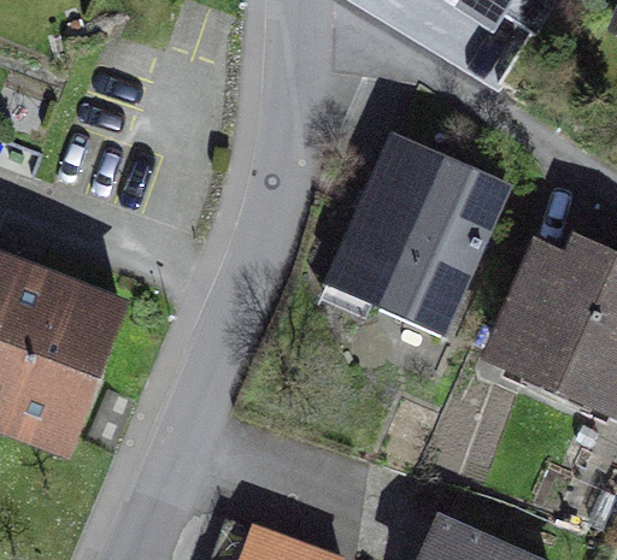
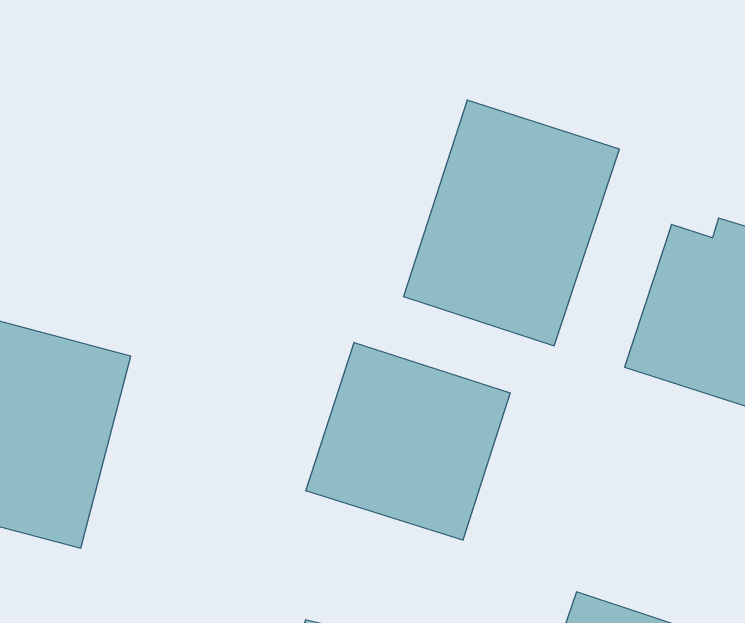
building: none -> [306,342,510,540]

